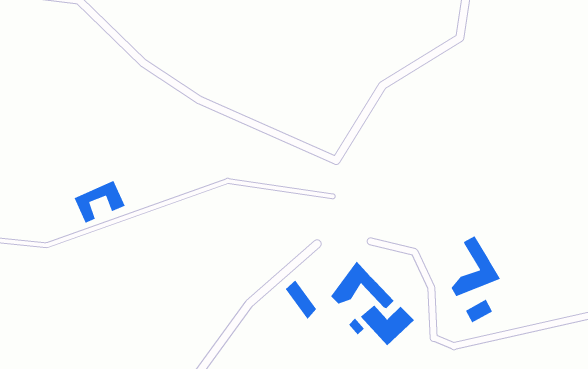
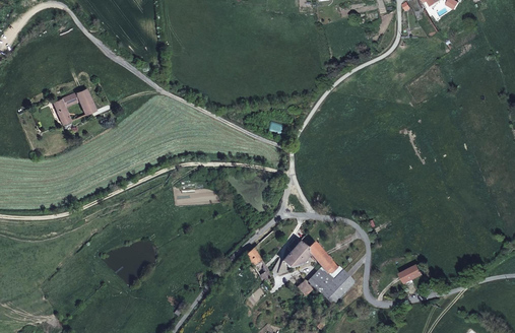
building: [73,180,126,224] -> [52,91,96,129]
building: [450,235,501,297] -> none

